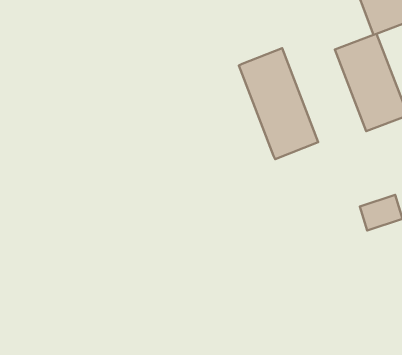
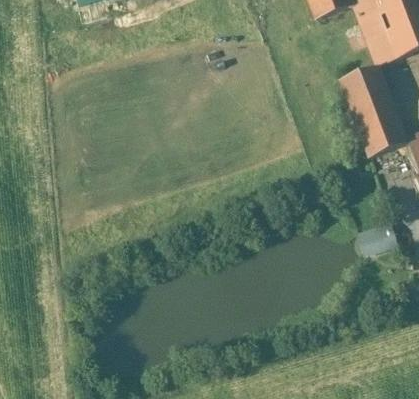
building: [239,48,318,159] -> none

